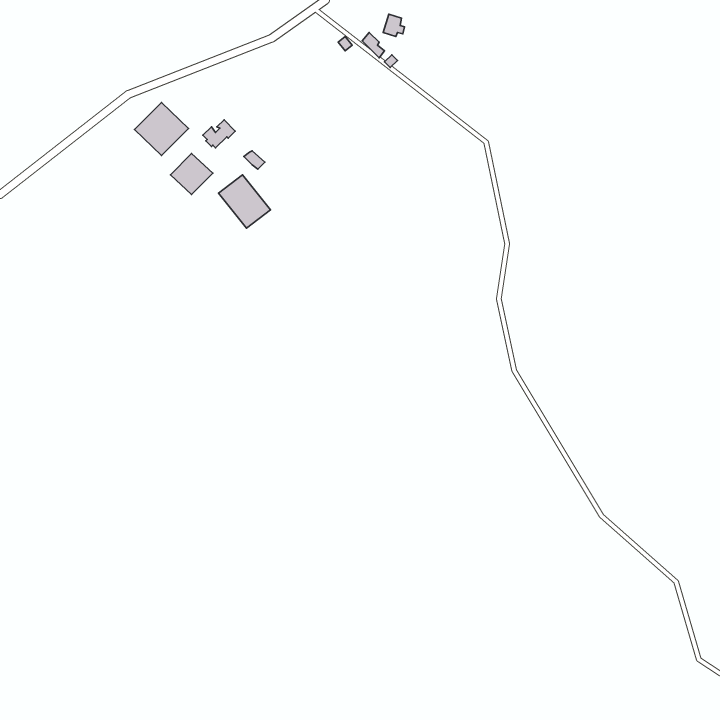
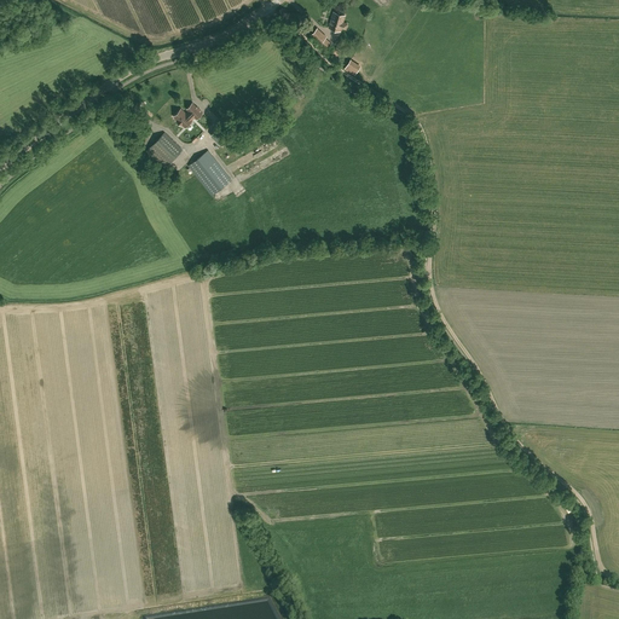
building: [134,102,188,156] -> none

